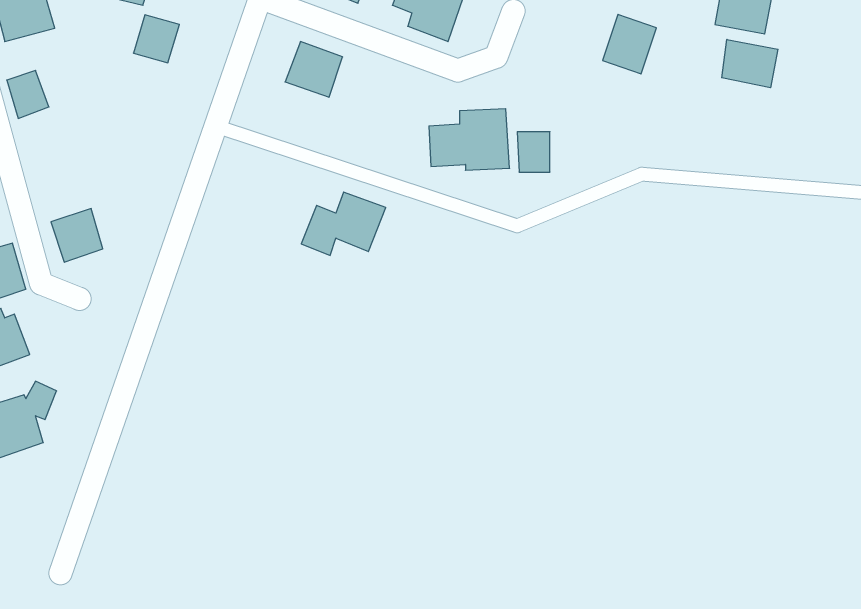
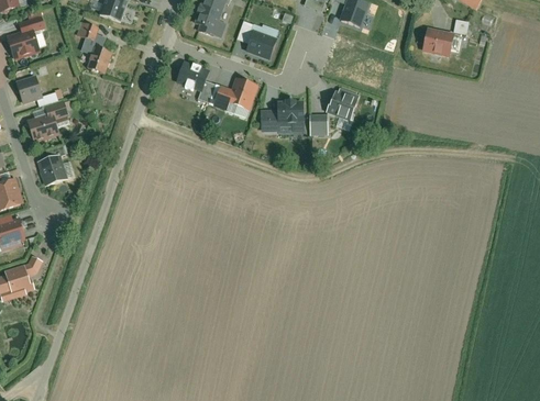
building: [603,14,656,74] -> [328,87,359,121]
building: [722,39,778,88] -> none
building: none -> [26,99,70,145]
building: [301,192,386,255] -> [210,77,258,113]

